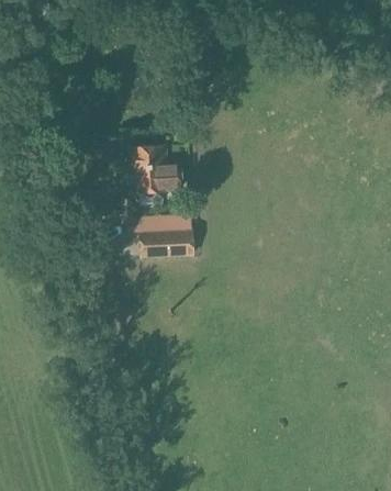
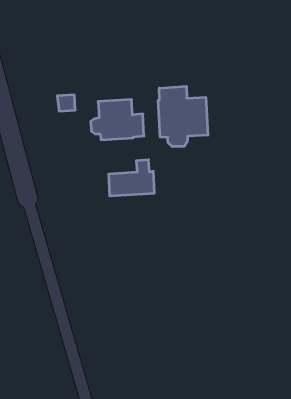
building: none -> [158,86,208,147]

